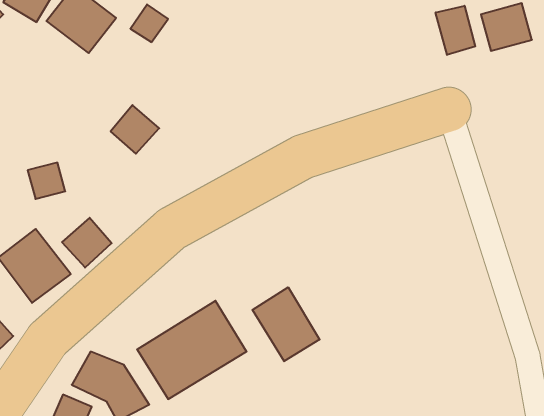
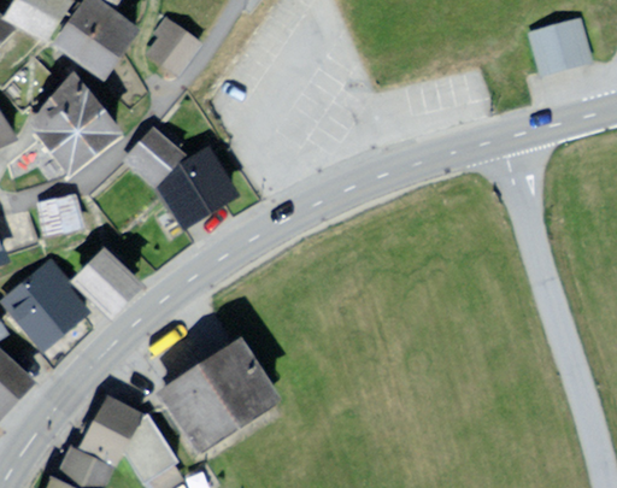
building: [436,6,475,55] -> none
building: none -> [33,82,118,167]
building: none -> [169,152,239,219]
building: [252,287,320,361] -> none

